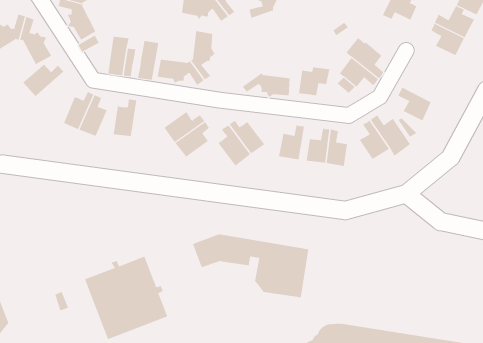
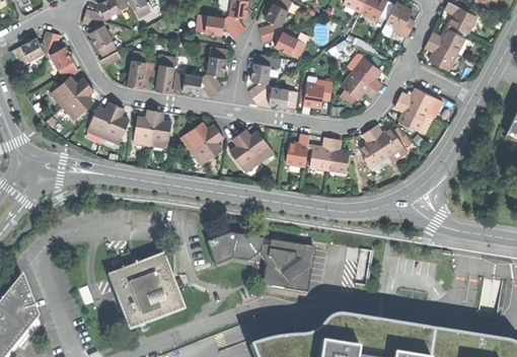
building: none -> [260,28,305,58]
building: none -> [247,54,272,98]
building: none -> [62,84,93,121]
building: none -> [398,87,434,113]
building: none -> [150,111,170,147]

